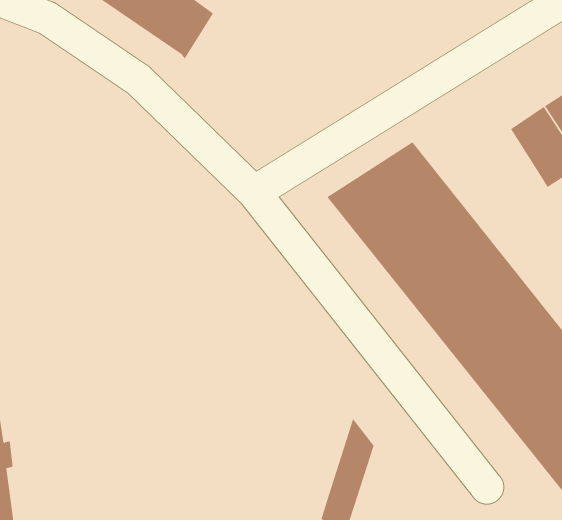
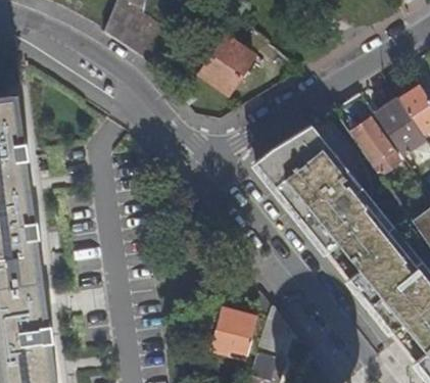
building: none -> [198,37,251,93]
building: none -> [356,123,405,175]
building: none -> [210,294,273,358]

